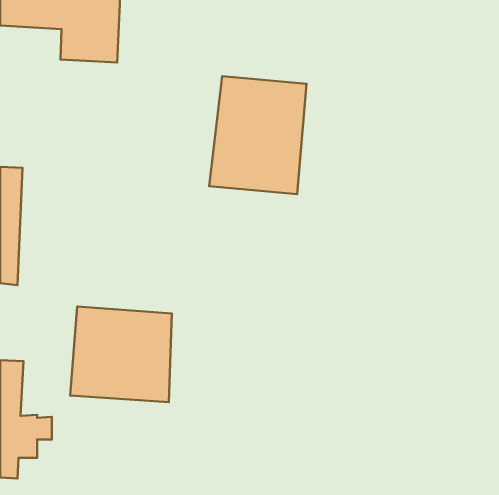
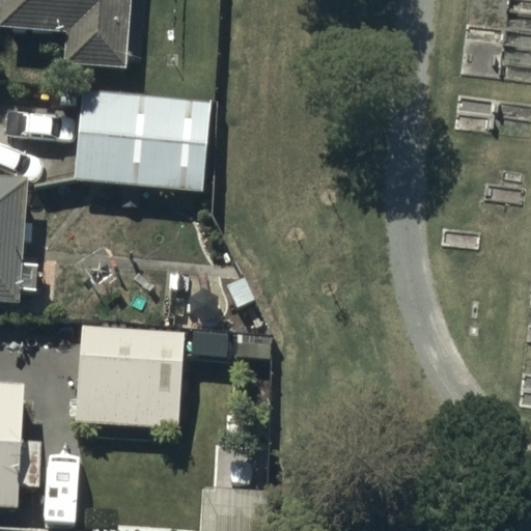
building: [209,76,307,194] -> none
building: none -> [74,89,211,190]

